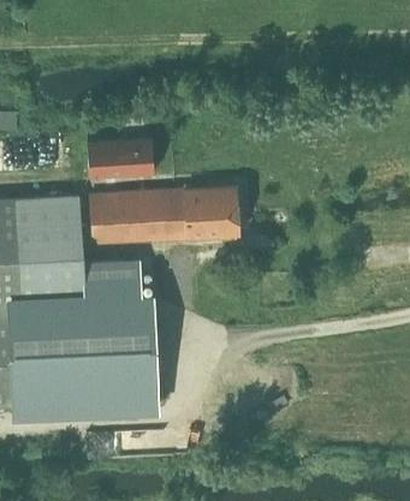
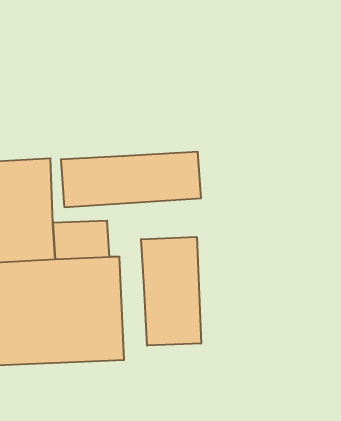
building: [89,139,155,180] -> none
building: none -> [141,237,201,346]

